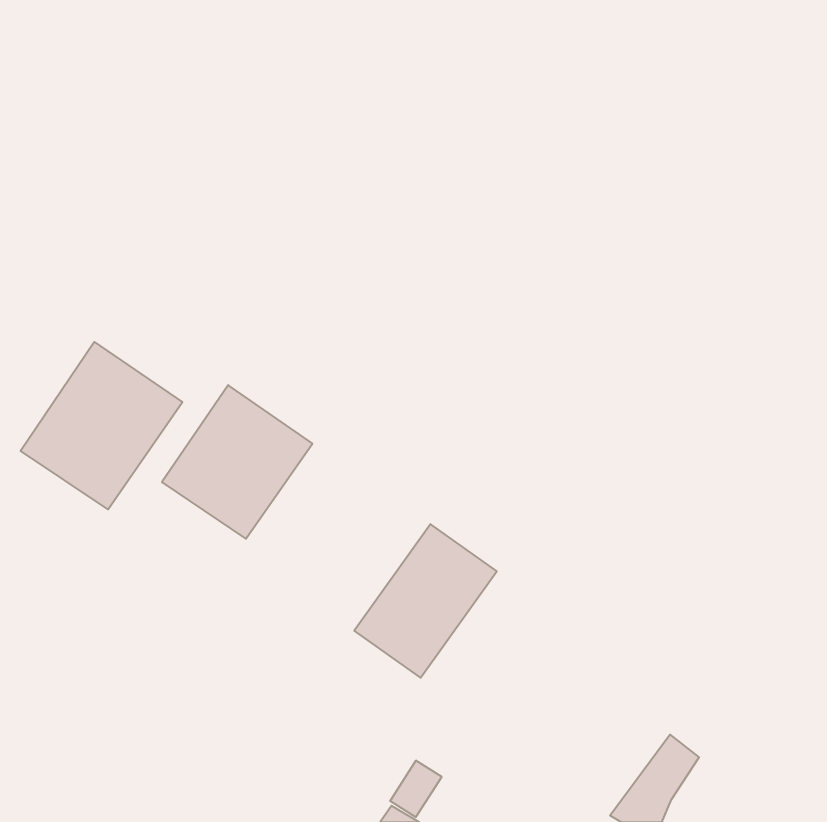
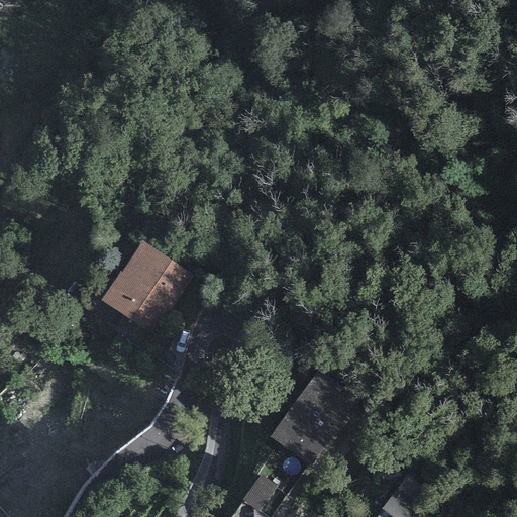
building: [21,342,182,509] -> none
building: [354,524,497,678] -> [270,371,358,467]

